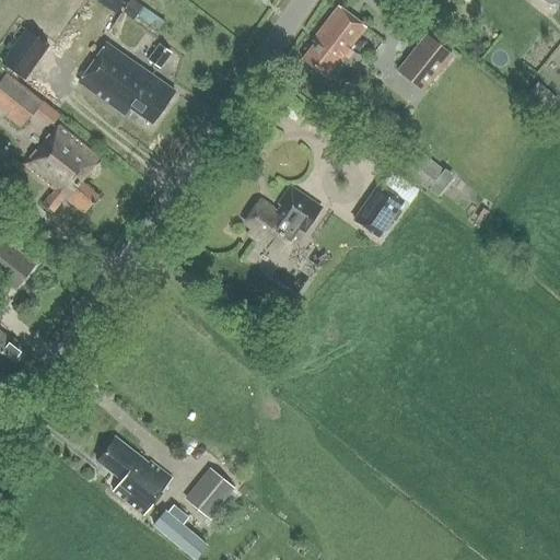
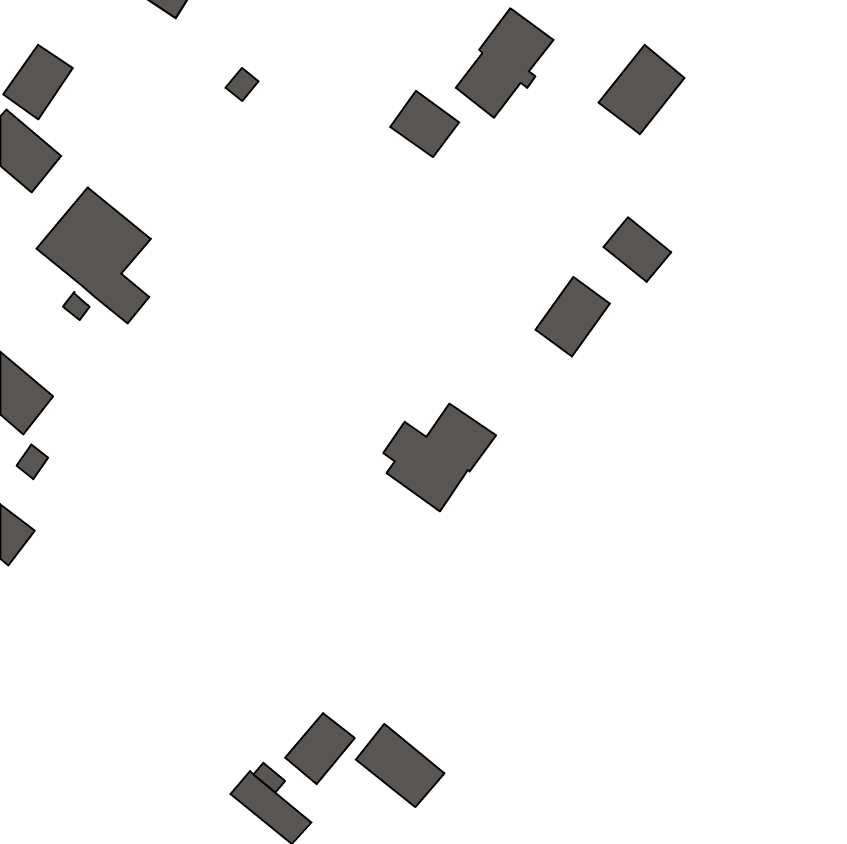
building: [79,43,174,122] -> none
building: none -> [390,91,459,157]
building: [245,187,319,258] -> [383,404,496,511]
building: [96,436,172,514] -> none
building: none -> [356,724,444,807]

